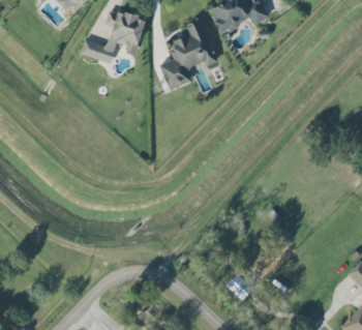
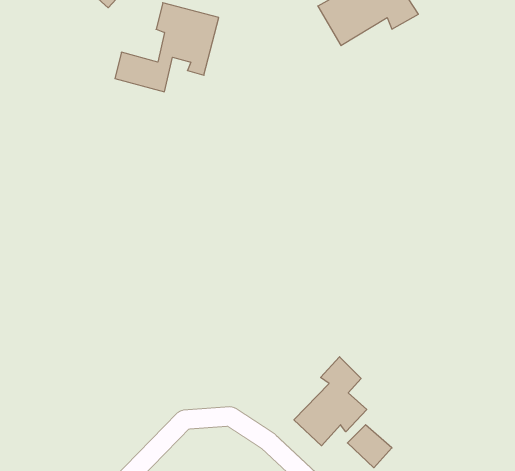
building: [159,20,217,89] -> none
building: none -> [294,357,367,446]

